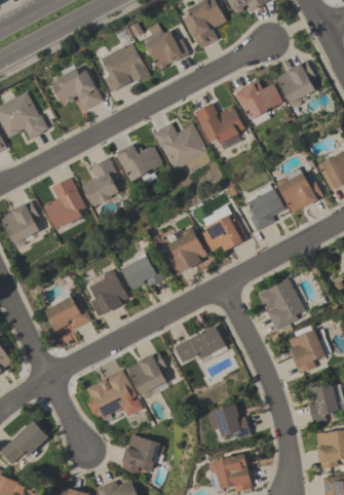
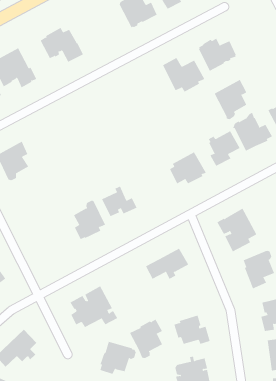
building: [101,43,150,92] -> none
building: [275,61,314,108] -> [214,79,247,120]
building: [153,123,207,170] -> none
building: [116,144,162,185] -> none
building: [82,158,118,206] -> none
building: [43,178,86,229] -> none
building: [169,228,207,274] -> none
building: [46,292,91,331] -> none
building: [127,352,166,398] -> [129,319,163,359]

